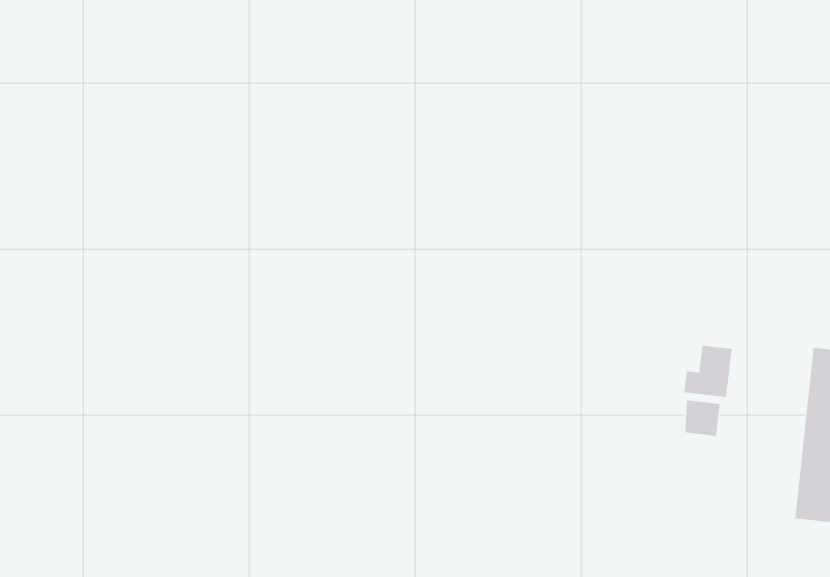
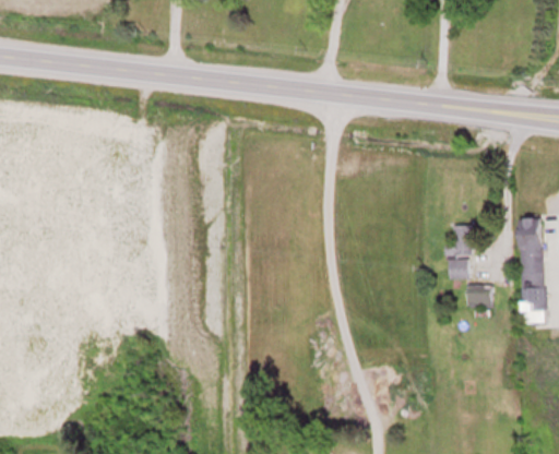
building: none -> [467,285,492,308]

